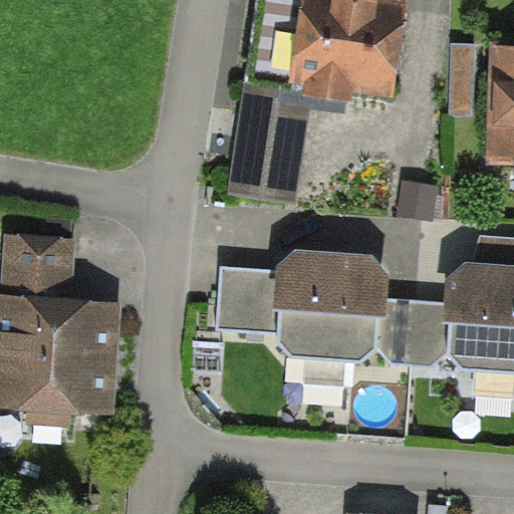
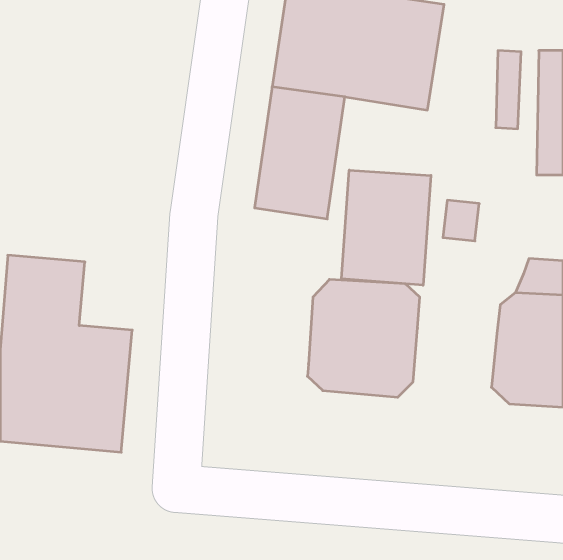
building: none -> [342,170,431,285]
building: [219,267,285,332] -> none
building: [376,299,453,367] -> none

